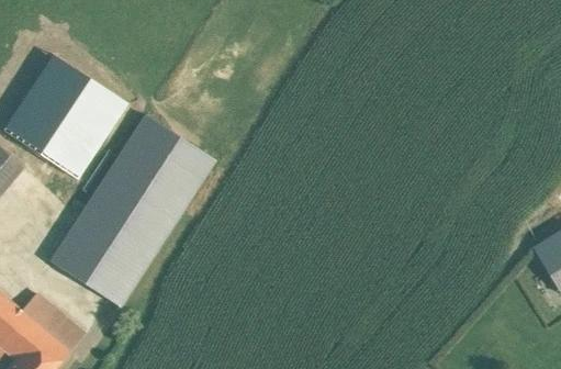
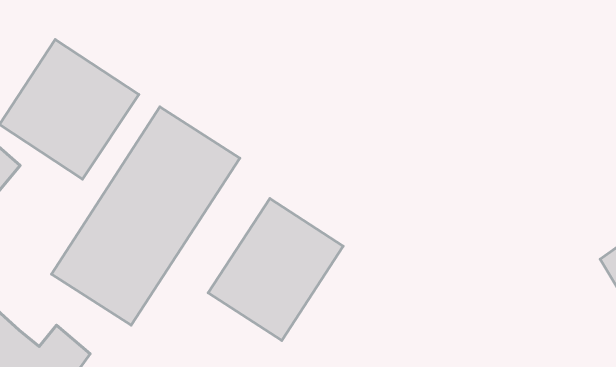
building: none -> [208,199,343,341]

